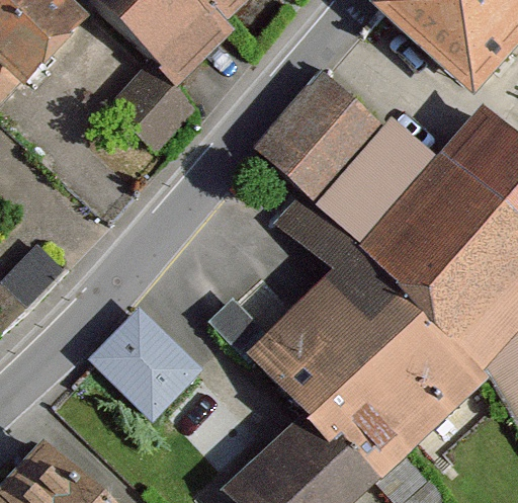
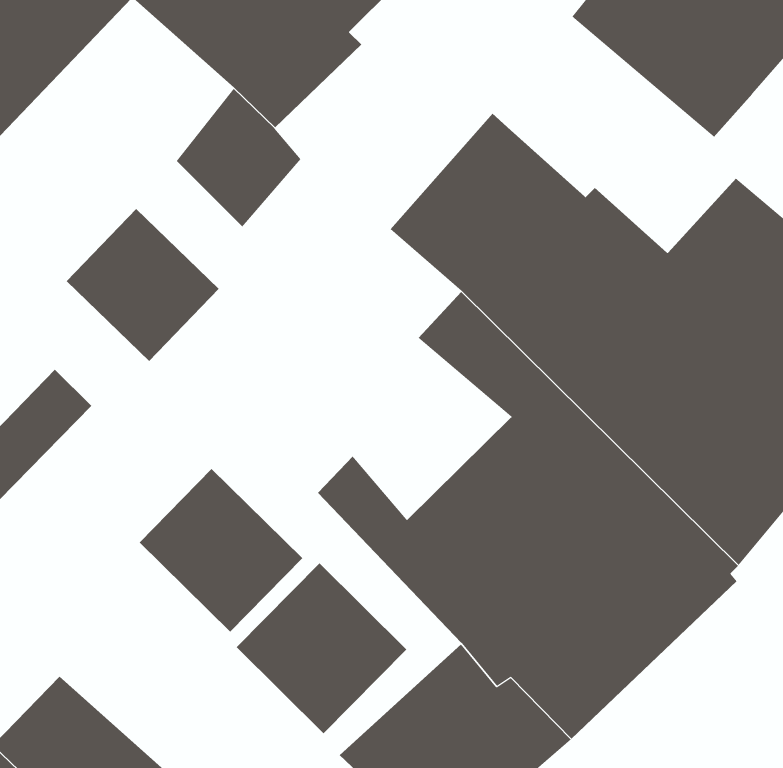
building: none -> [66,208,220,362]
building: none -> [236,562,407,734]

